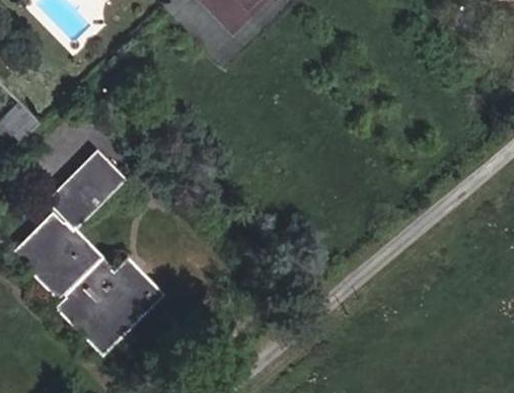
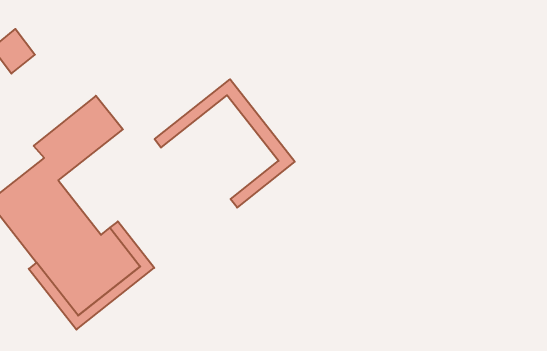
building: none -> [155,79,295,208]

